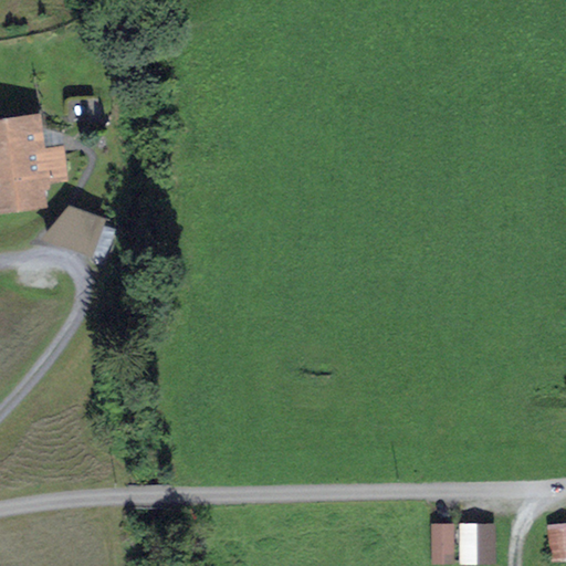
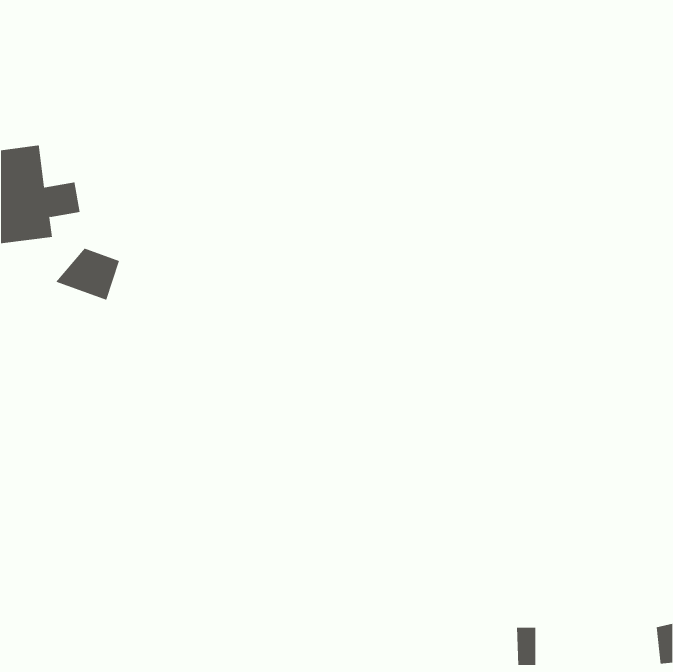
building: [463,525,491,559] -> none

